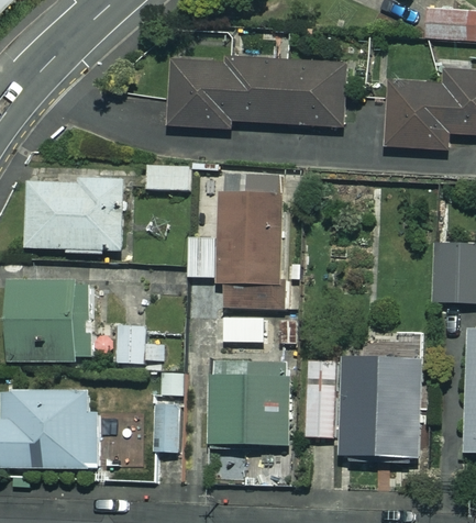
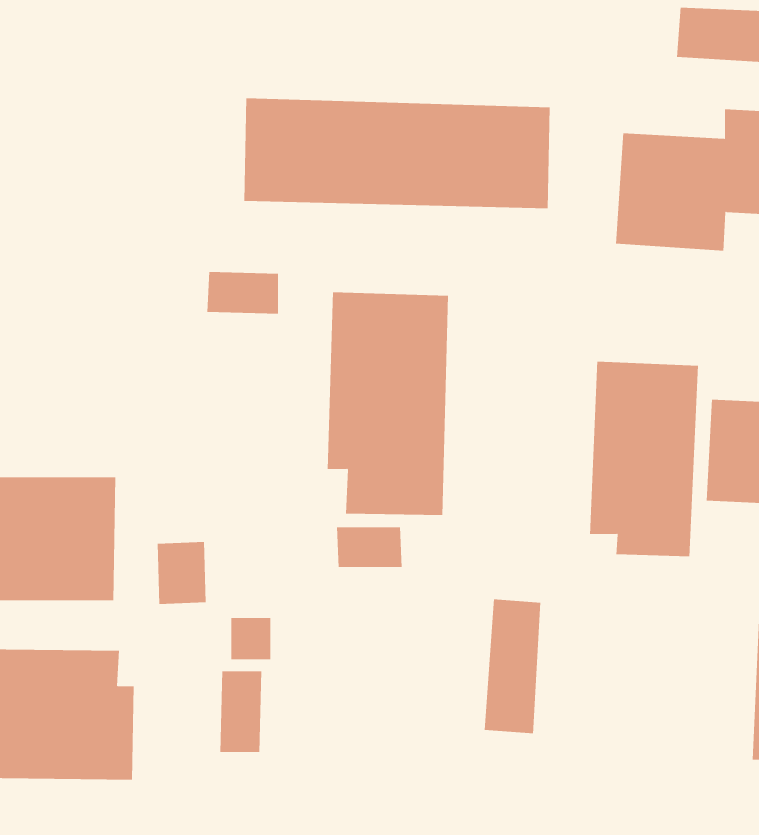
building: [22,174,121,248] -> none
building: none -> [589,361,698,557]
building: [342,355,425,460] -> none
building: [209,369,286,443] -> none

